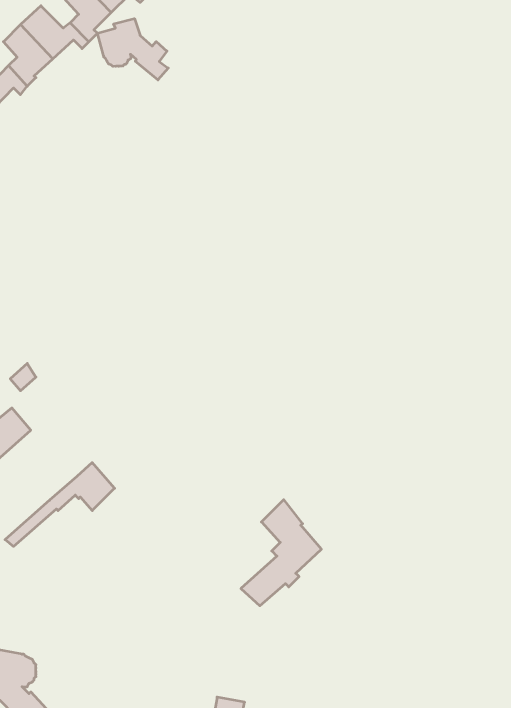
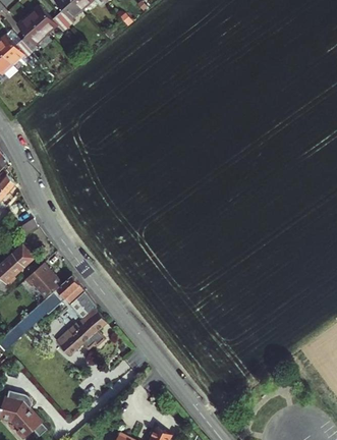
building: [97,19,168,80] -> none
building: none -> [23,265,61,300]
building: [241,500,321,606] -> [58,293,106,356]

